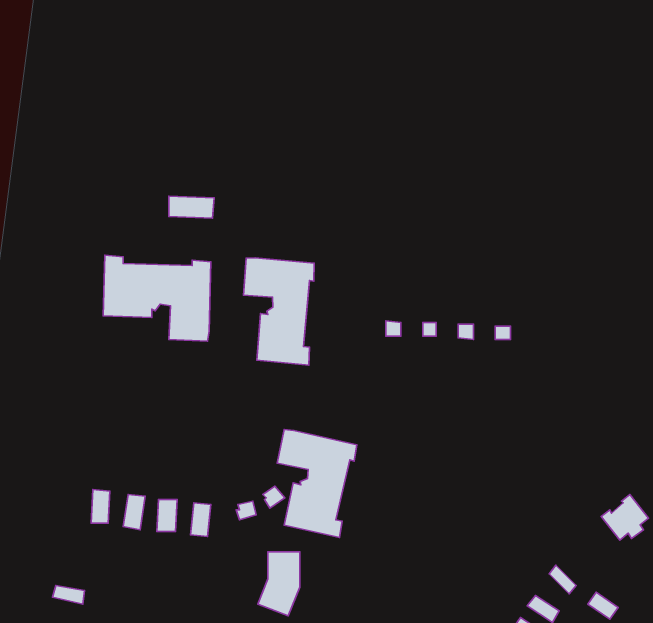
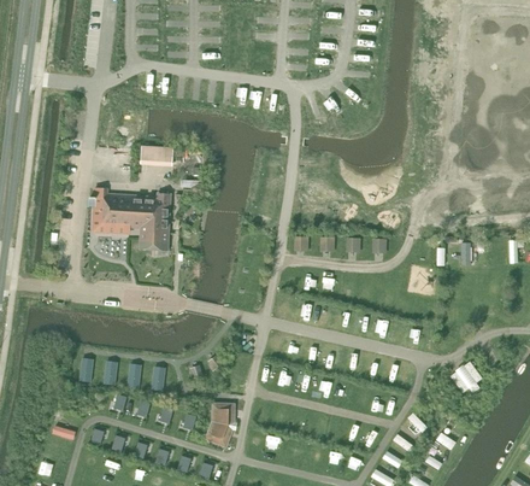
building: [244,258,314,365] -> none
building: [277,430,357,538] -> none

